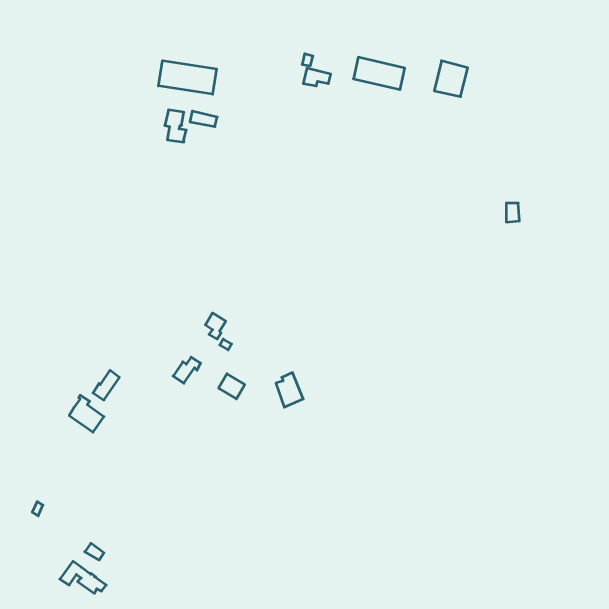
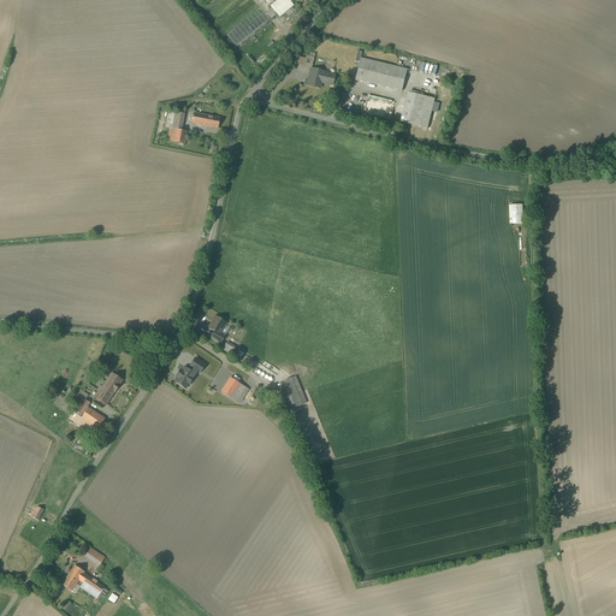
building: [158,61,217,94] -> none
building: [434,61,468,97] -> [402,91,436,128]

